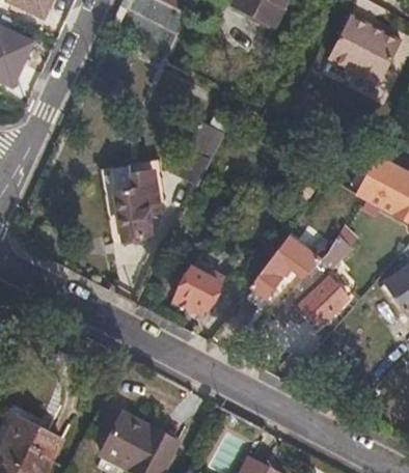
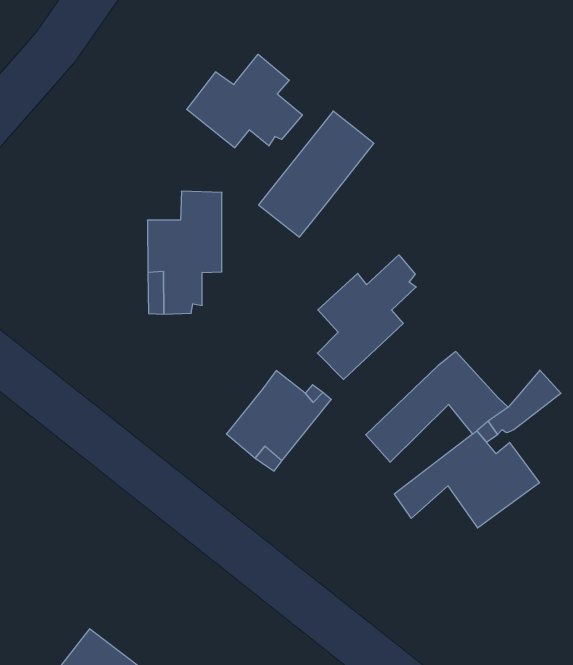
building: none -> [187,54,302,148]
building: none -> [317,255,416,379]

